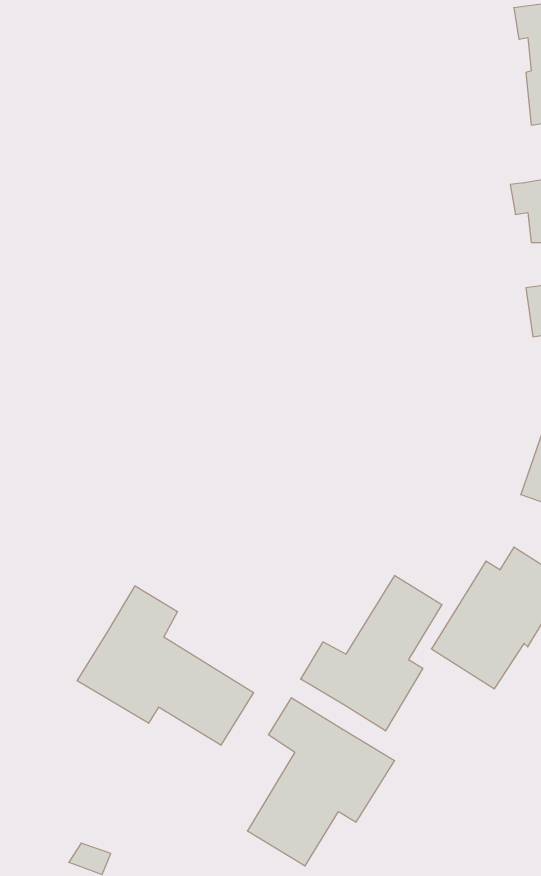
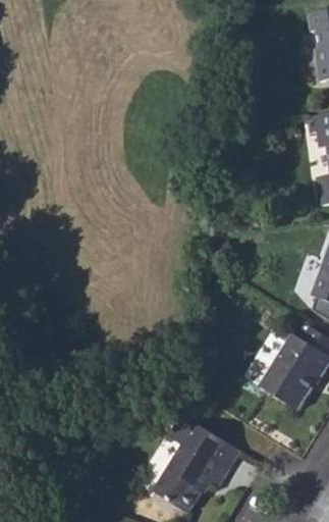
building: [301,576,442,731] -> none
building: [77,586,253,745] -> none

